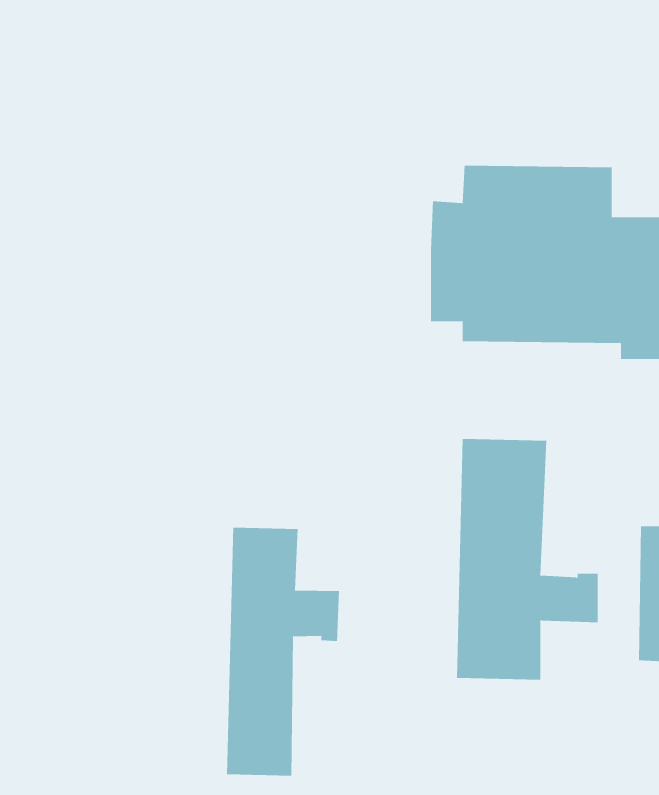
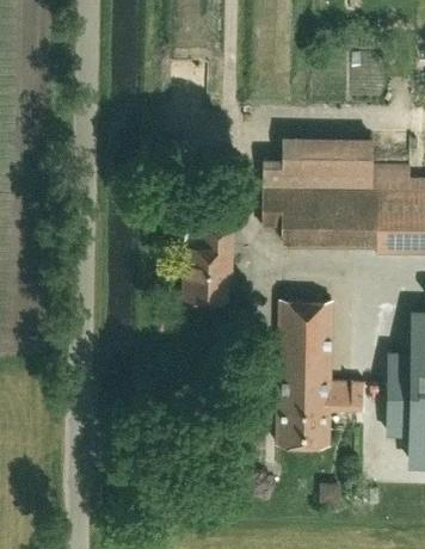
building: none -> [184,233,233,302]
building: [227,527,340,777] -> none

